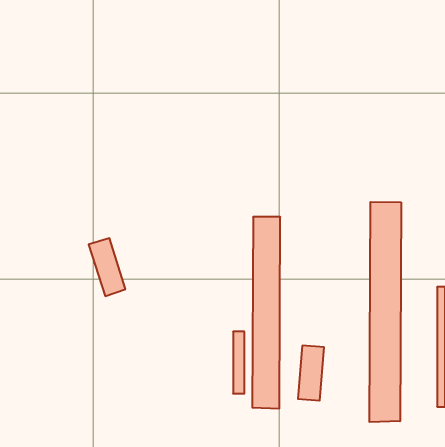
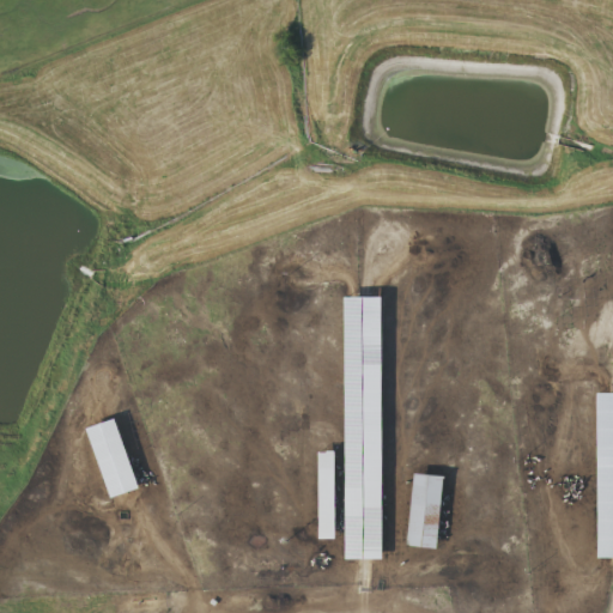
building: [369,202,401,422] -> none
building: [89,238,125,296] -> [87,419,138,498]

